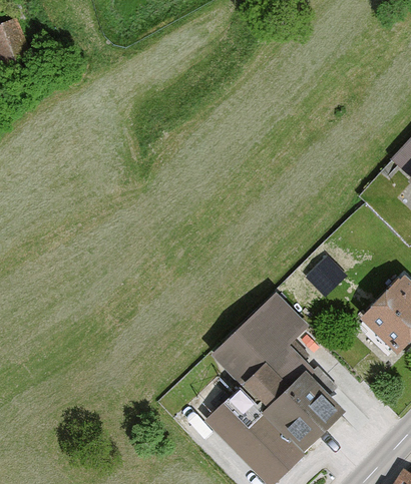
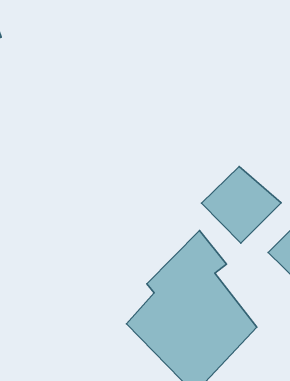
building: none -> [202,166,281,243]

